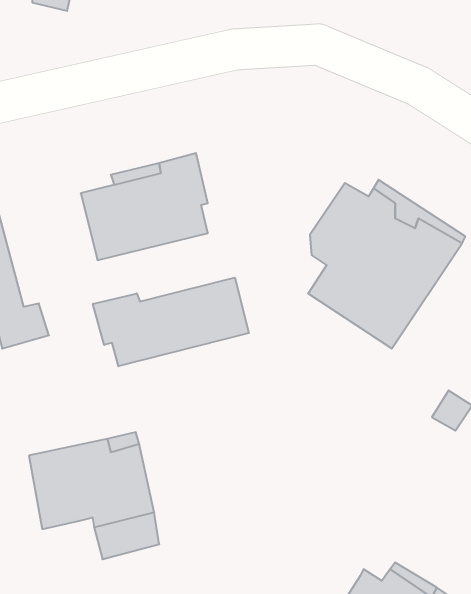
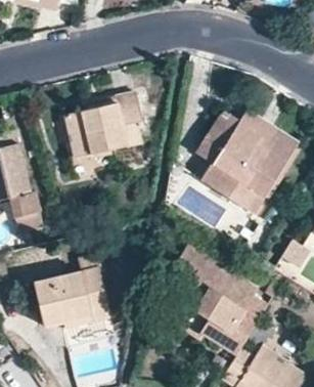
building: [93,278,249,366] -> none
building: none -> [175,247,260,355]

